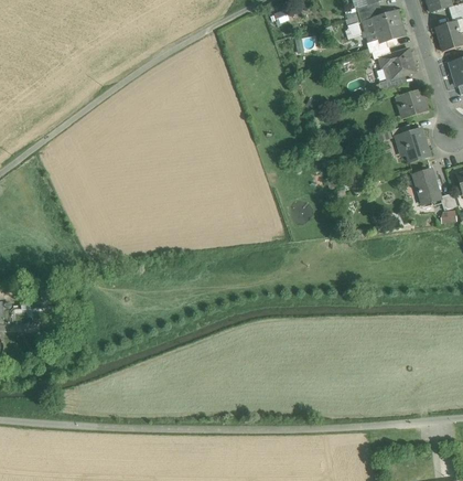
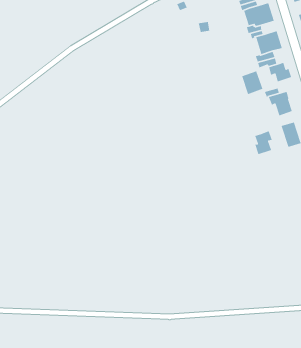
building: none -> [241,70,263,95]
building: none -> [254,130,273,155]

